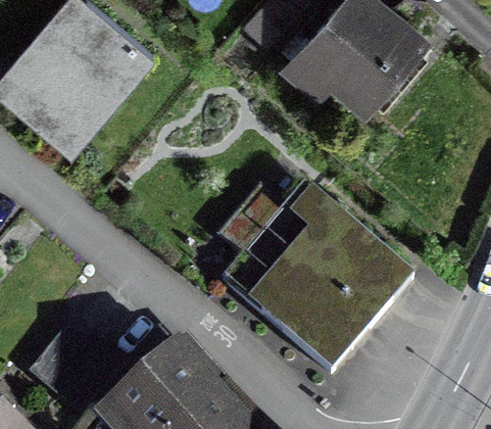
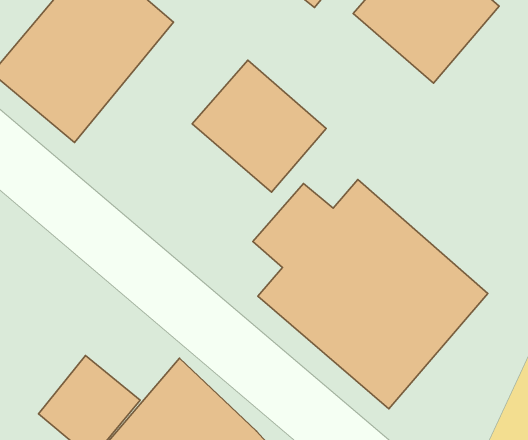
building: none -> [192,60,326,192]

